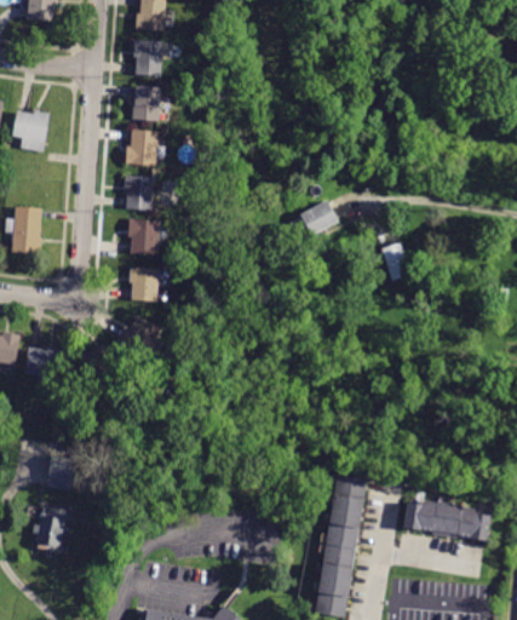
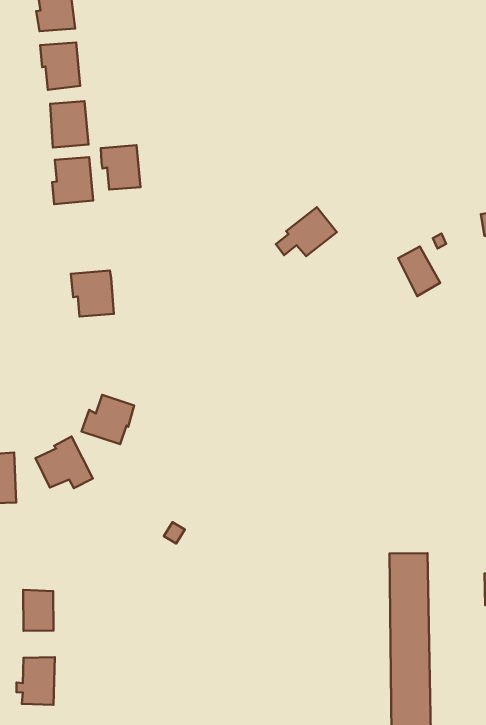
building: [123,176,153,211] -> [101,145,140,189]
building: [130,268,159,302] -> none

